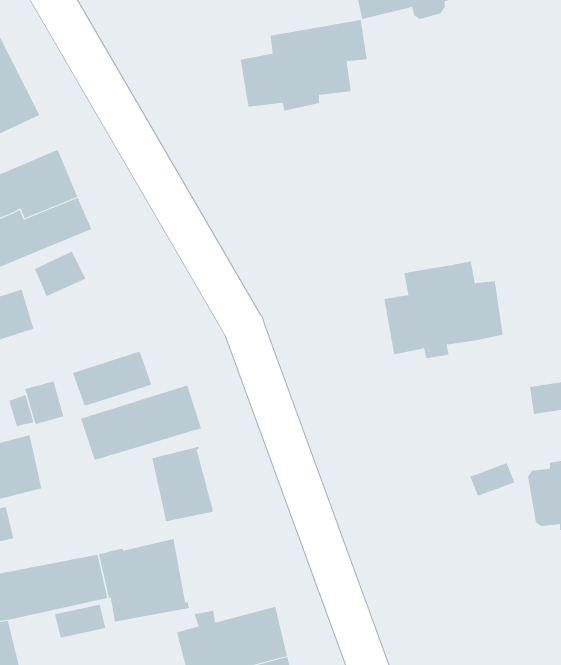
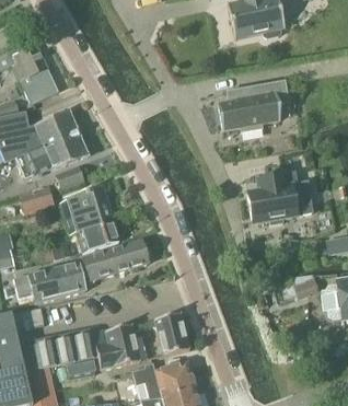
building: [240,20,368,111] -> [218,80,288,130]
building: none -> [61,184,114,233]
building: none -> [54,259,85,294]
building: [152,446,213,522] -> [155,311,189,352]

